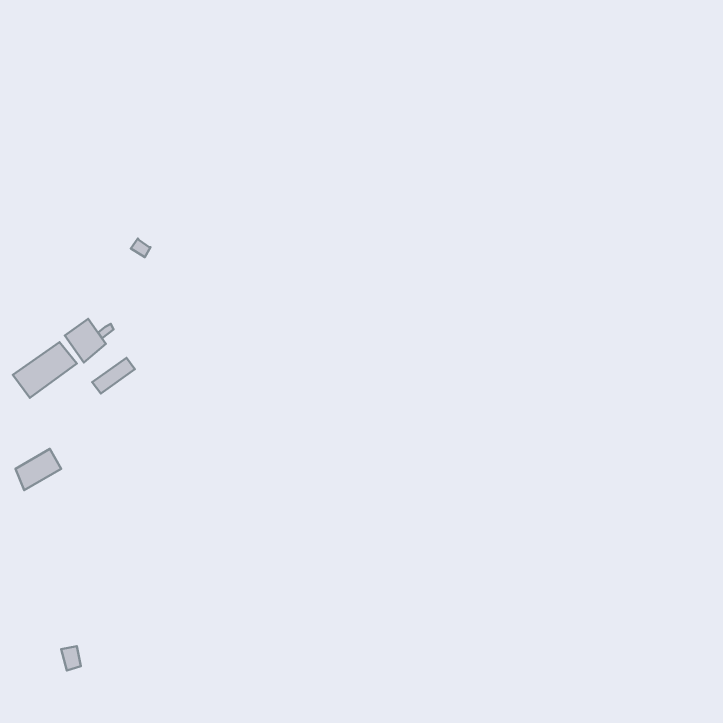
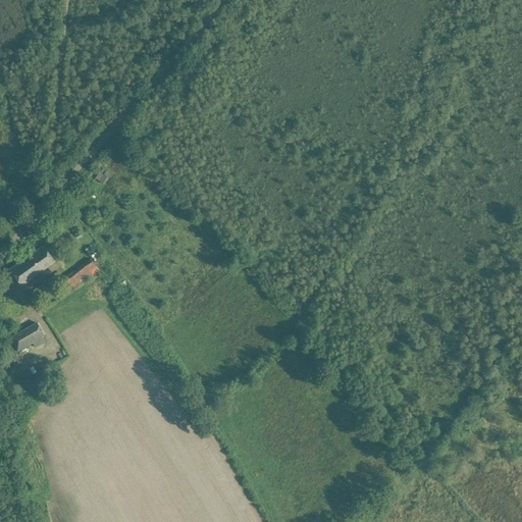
building: [65,319,106,363] -> none

